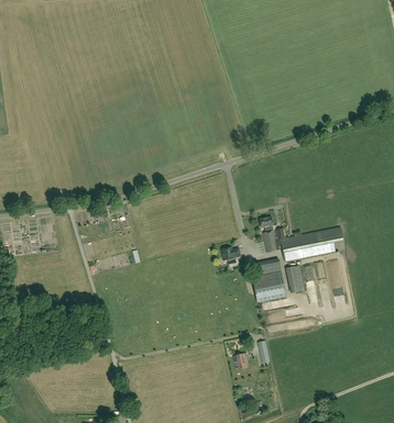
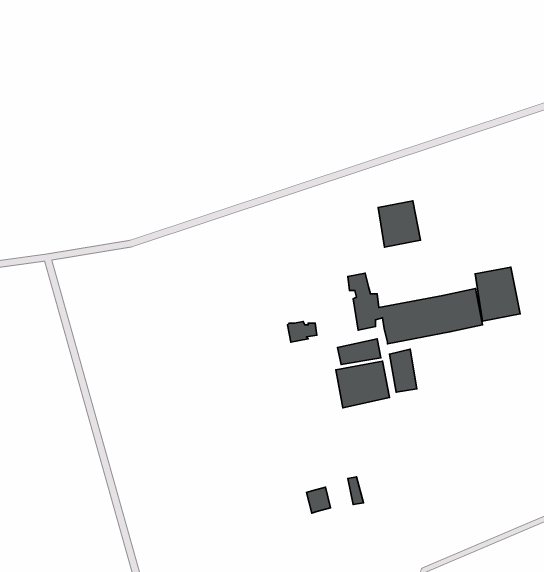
building: none -> [378,201,420,247]
building: none -> [475,267,520,321]

